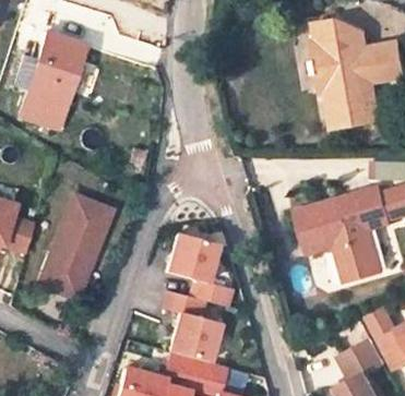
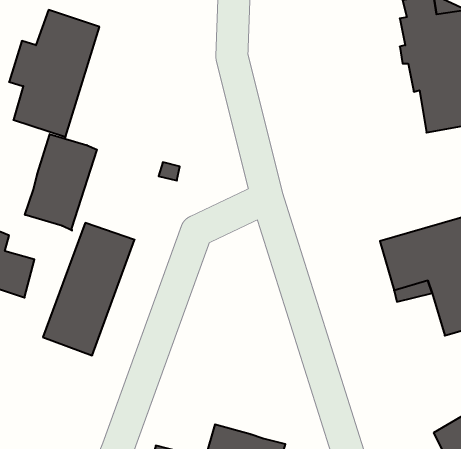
building: none -> [25,134,97,231]
building: [163,233,230,363] -> none

